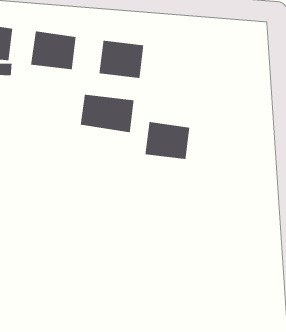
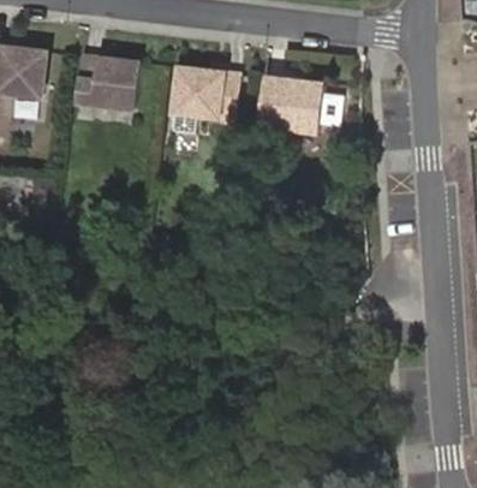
building: [80,94,134,133] -> none
building: [145,121,190,160] -> [254,77,318,132]

